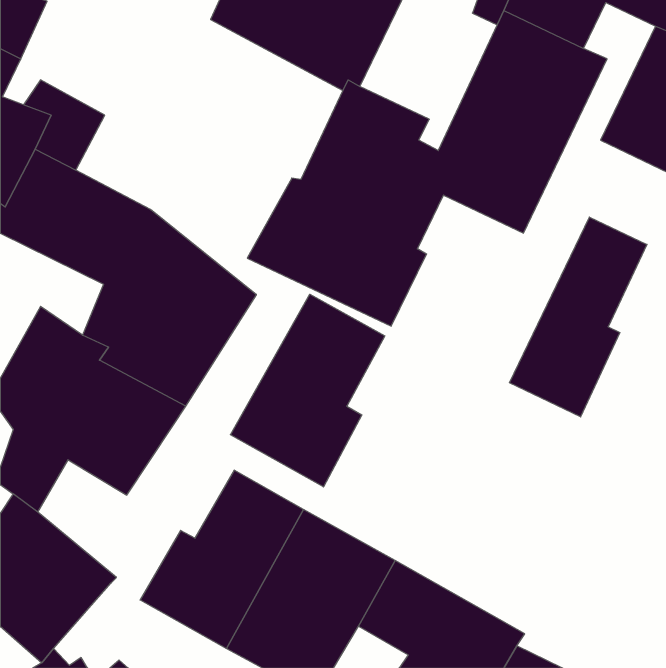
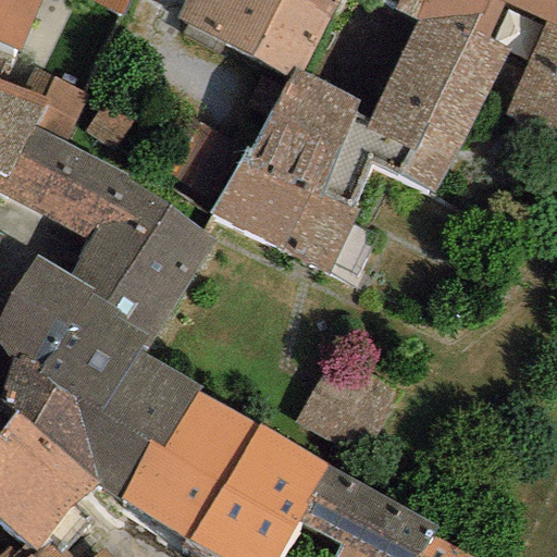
building: [509,217,647,417] -> none
building: [230,294,385,487] -> none
building: none -> [34,354,201,498]

